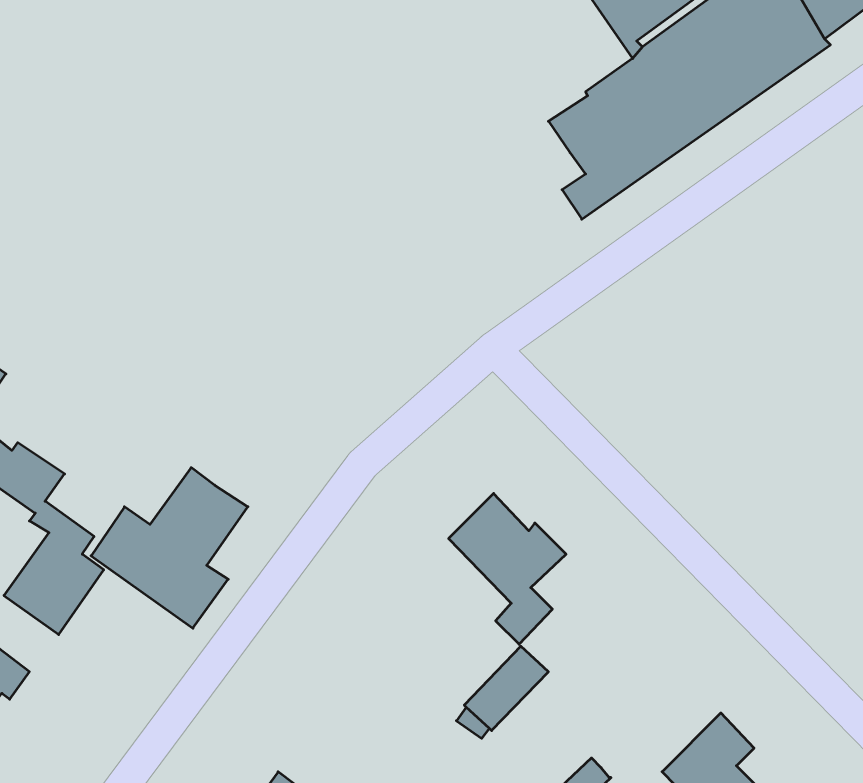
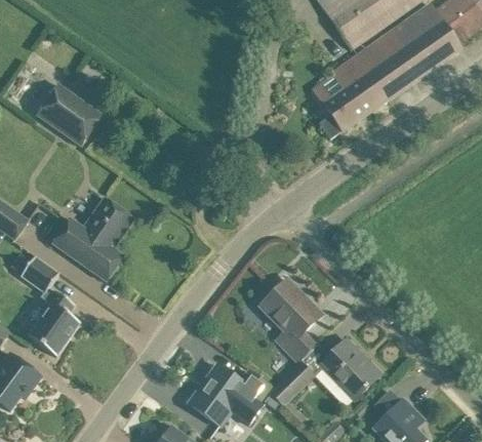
building: none -> [36,84,102,147]
building: [91,468,248,628] -> [52,197,134,281]
building: none -> [319,338,377,400]
building: none -> [192,365,270,426]

